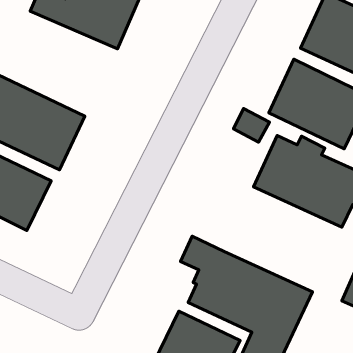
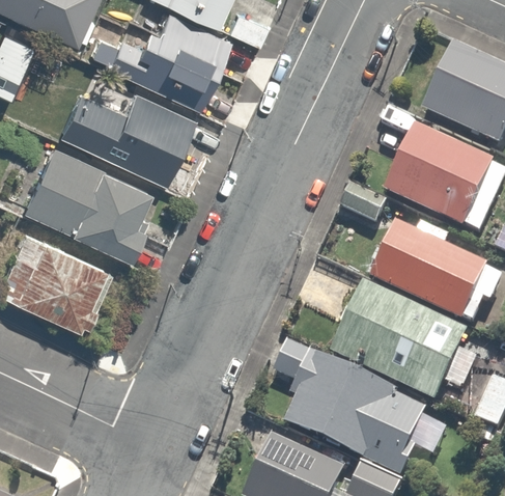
building: none -> [69,90,190,182]
building: none -> [328,281,473,411]

